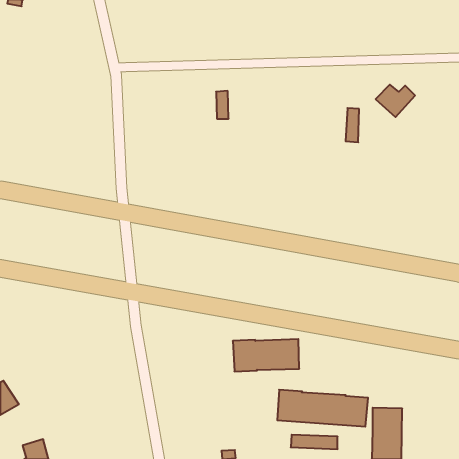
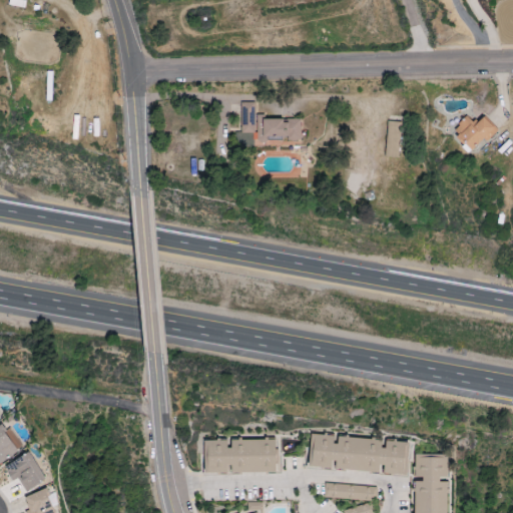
building: [376,85,415,117] -> [452,115,496,151]
building: none -> [258,117,302,140]
building: [233,339,299,371] -> [204,439,279,475]
building: none -> [5,452,46,491]

